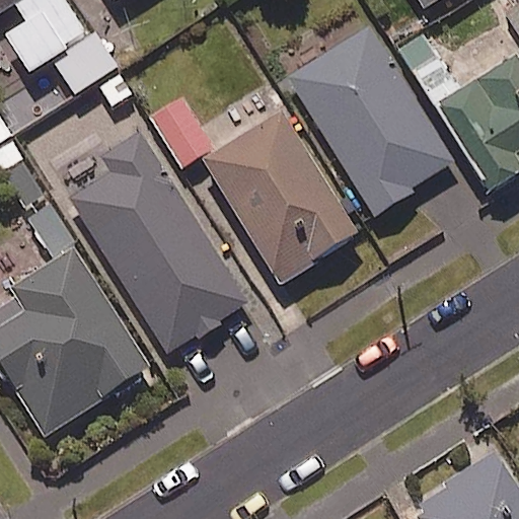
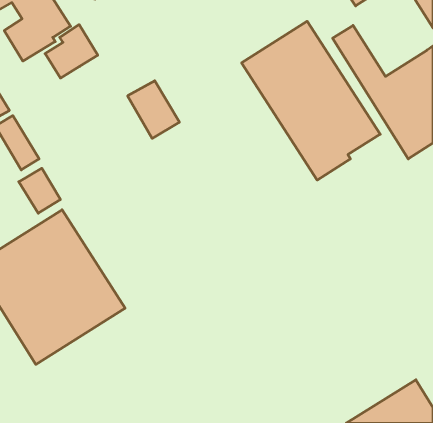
building: [204,114,357,282] -> none
building: [70,130,247,352] -> none

